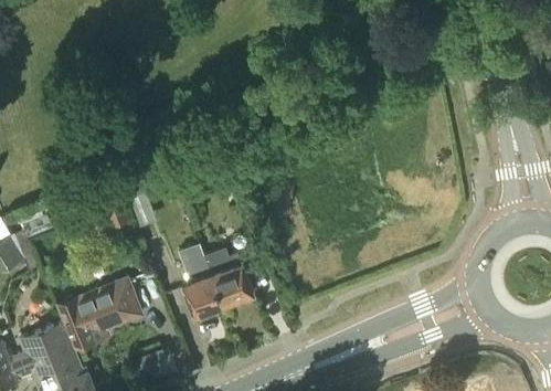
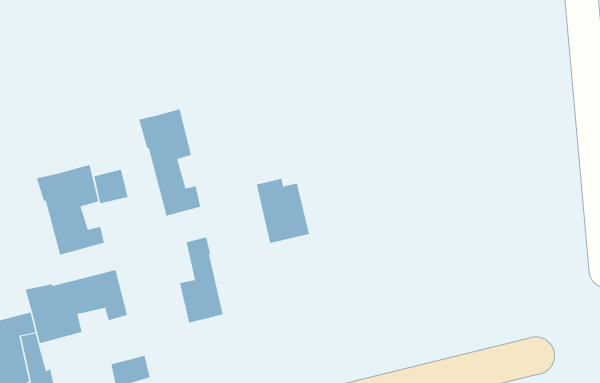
building: none -> [138,108,201,217]
building: none -> [36,164,105,255]
building: [204,253,254,308] -> [256,178,310,244]

